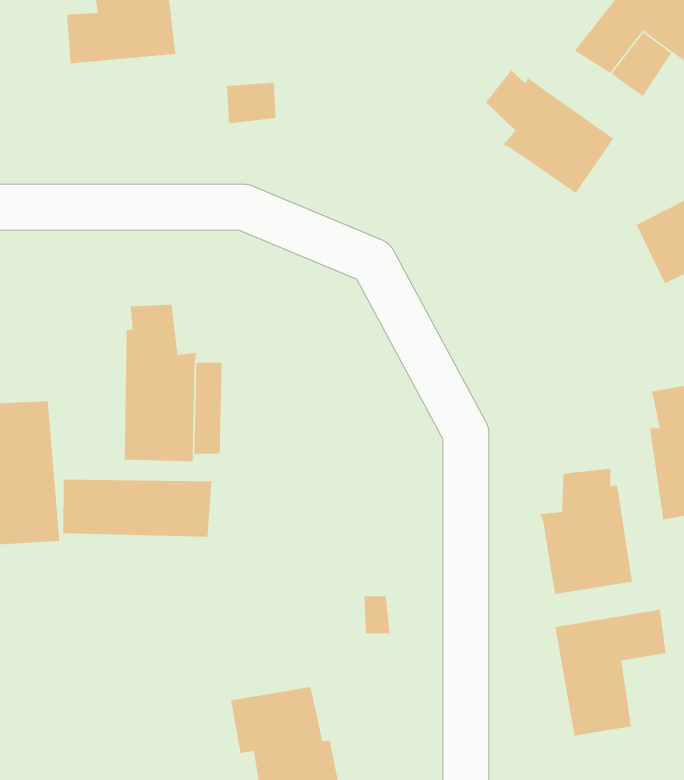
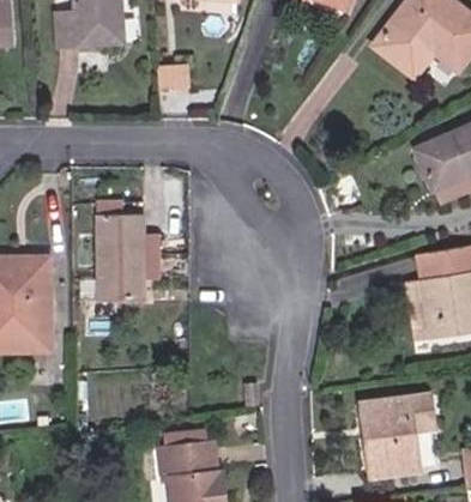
building: [485,70,614,194] -> none
building: [539,468,633,595] -> none
building: [62,479,213,537] -> none

